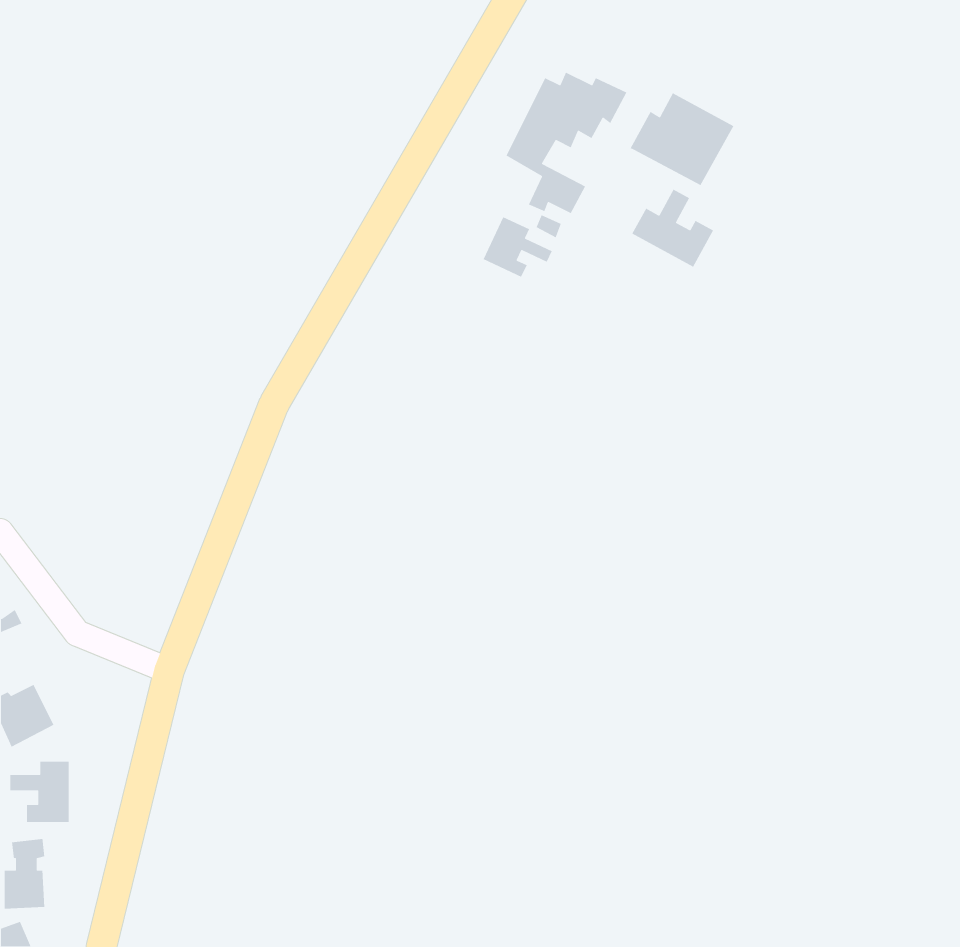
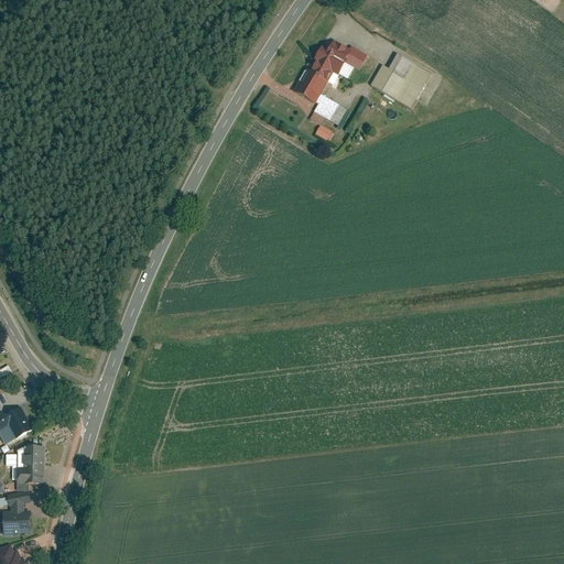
building: [631,189,714,268] -> none
building: [482,216,553,278] -> none

